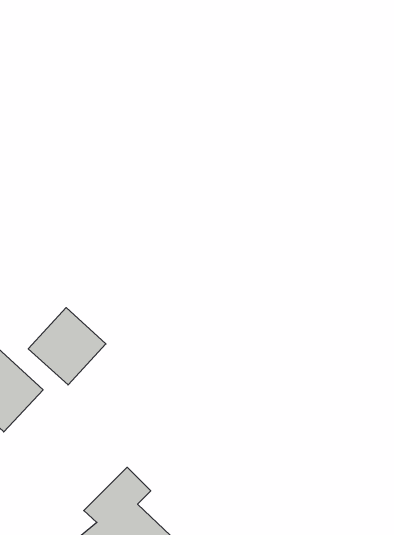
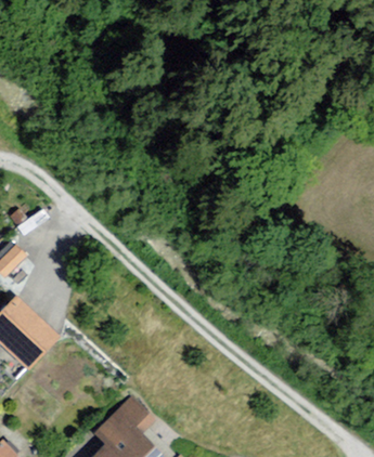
building: [28,308,106,385] -> none

